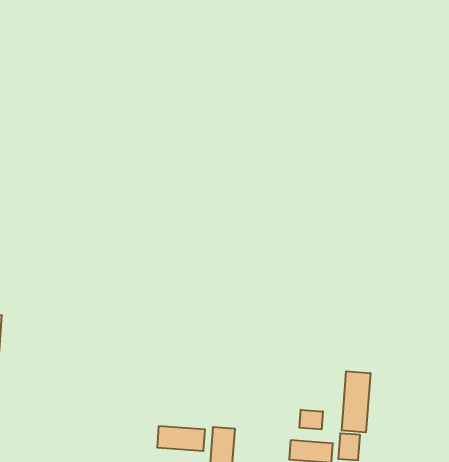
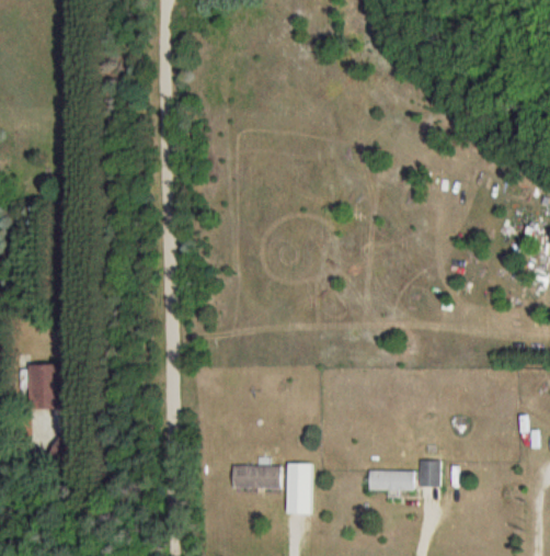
building: [342,371,370,432] -> none
building: [299,410,323,429] -> none

